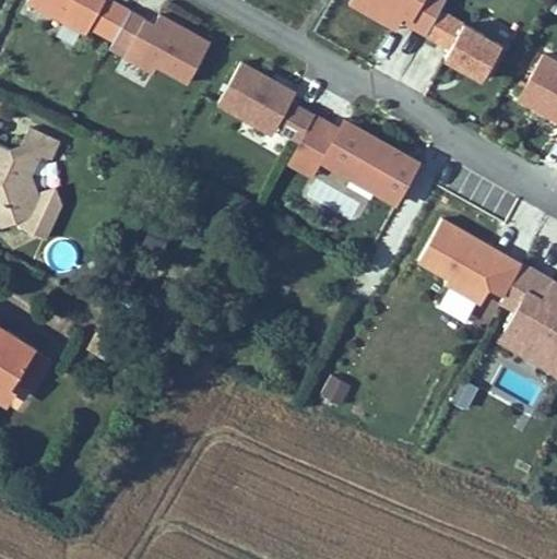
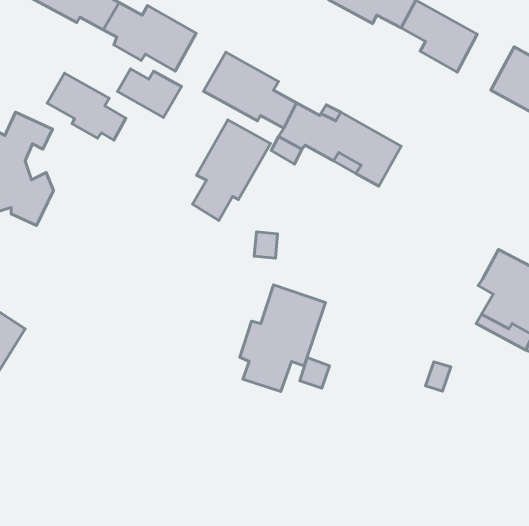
building: none -> [118,69,182,117]
building: none -> [47,73,126,140]
building: none -> [192,120,271,220]
building: [420,223,524,304] -> none
building: none -> [240,285,325,391]

